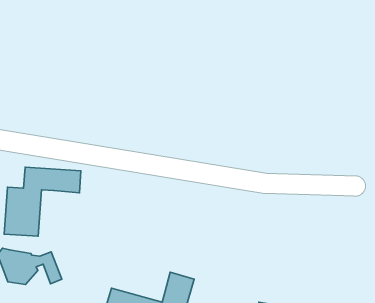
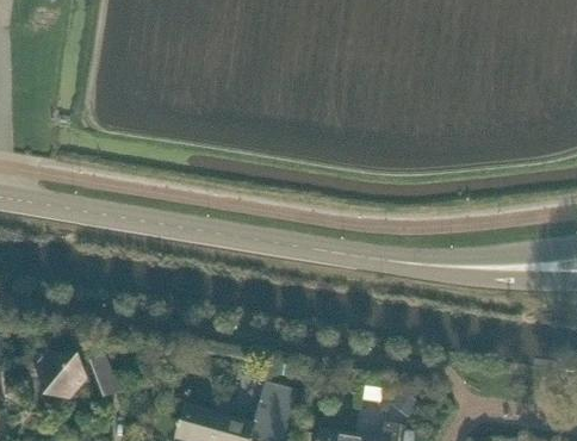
building: [4,167,81,236] -> none

